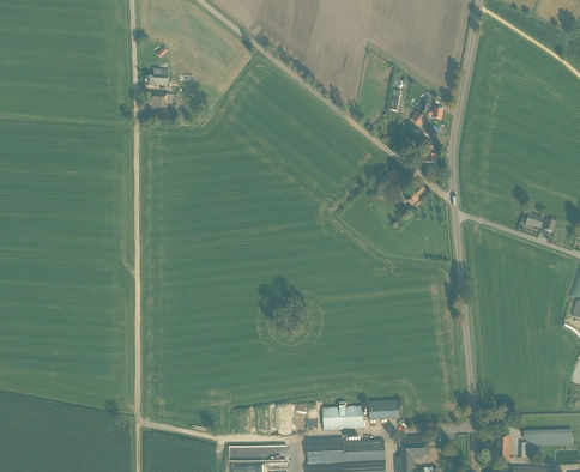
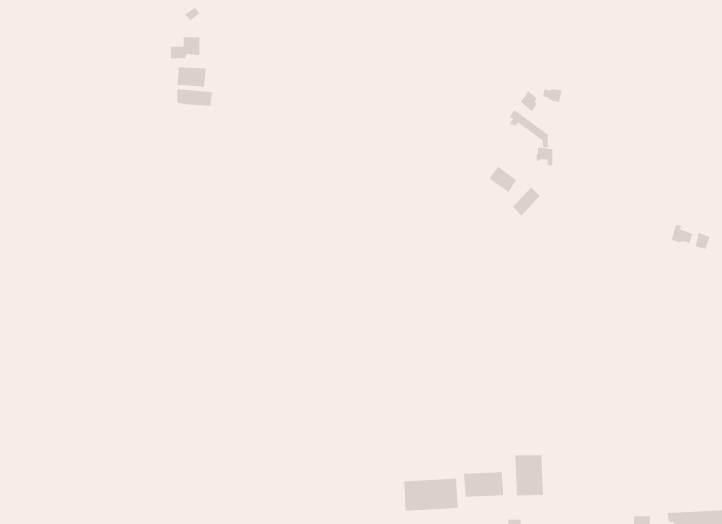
building: none -> [515,454,544,496]

